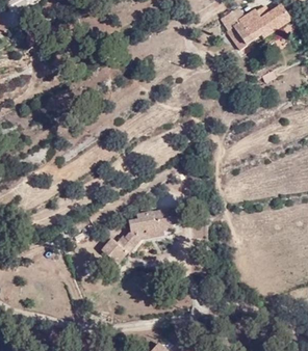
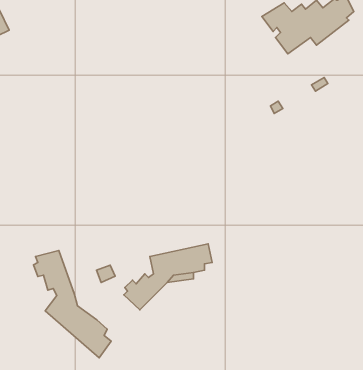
building: none -> [34,251,111,358]

